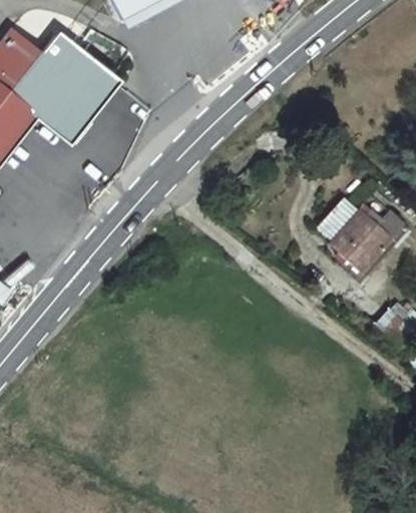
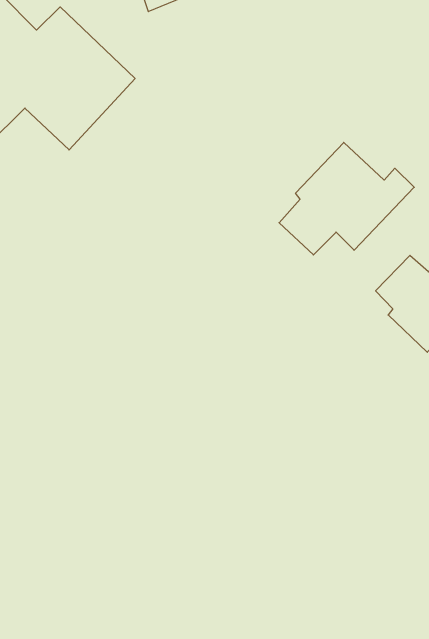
building: none -> [279,142,414,255]

